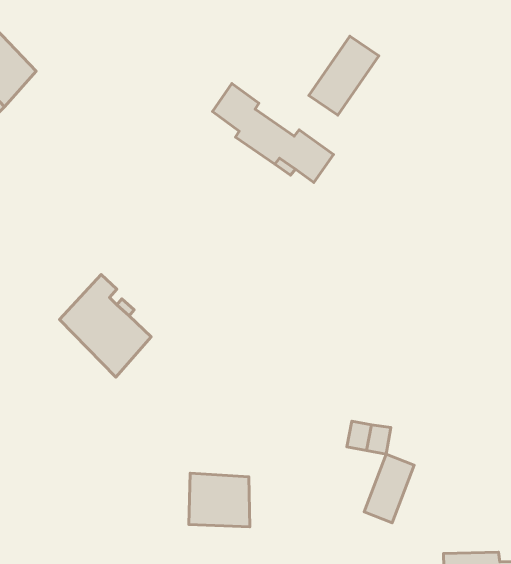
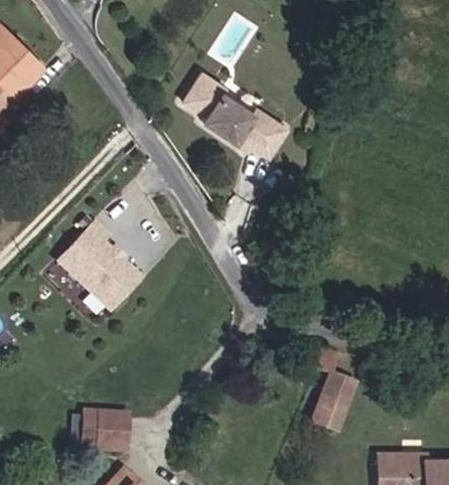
building: [309,36,379,115] -> none
building: [189,473,250,527] -> [83,409,133,453]

